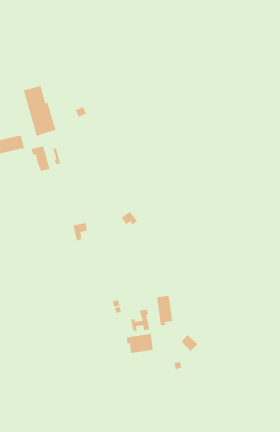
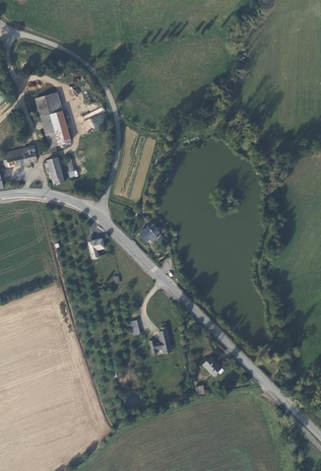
building: [156,295,173,326] -> none
building: [126,333,154,354] -> none

